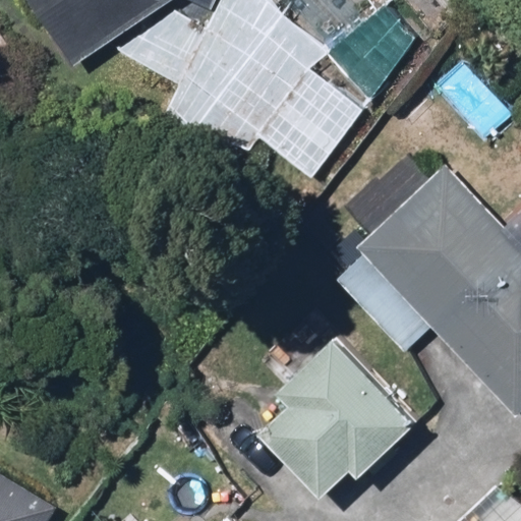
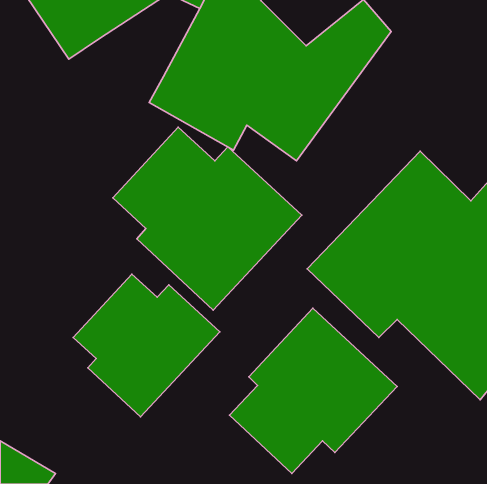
building: none -> [113,127,302,310]
building: none -> [73,274,220,417]

